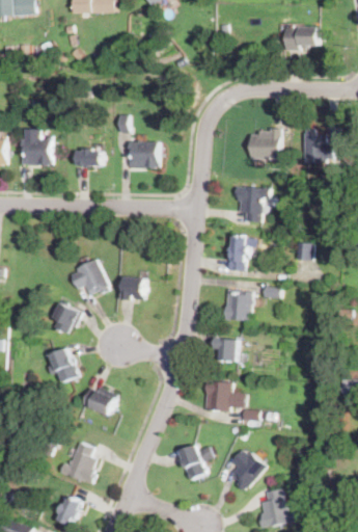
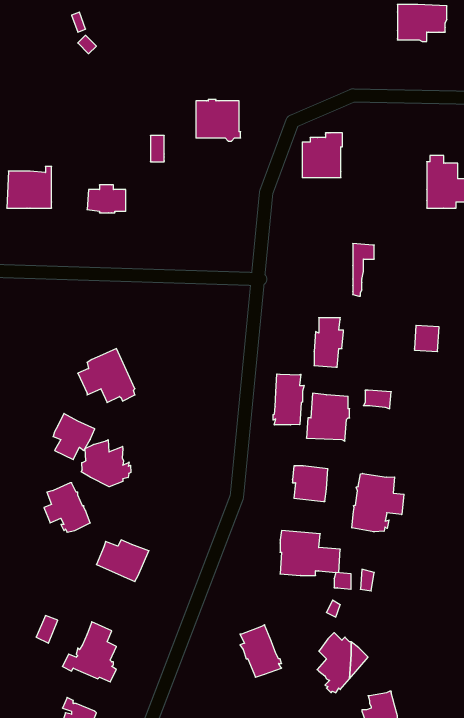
building: [254,128,281,158] -> [302,133,342,178]
building: [129,140,159,168] -> [196,99,241,141]
building: [235,186,254,221] -> none
building: none -> [273,374,304,425]
building: [119,276,144,300] -> none
building: none -> [81,440,131,487]
building: none -> [352,473,404,532]

